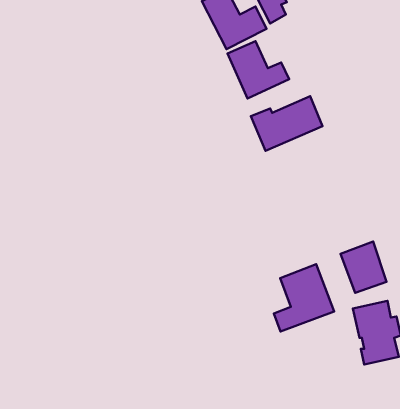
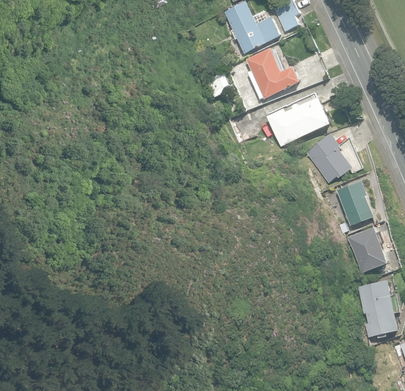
building: none -> [305,133,351,184]
building: none -> [335,180,373,226]
building: [274,264,334,332] -> none

